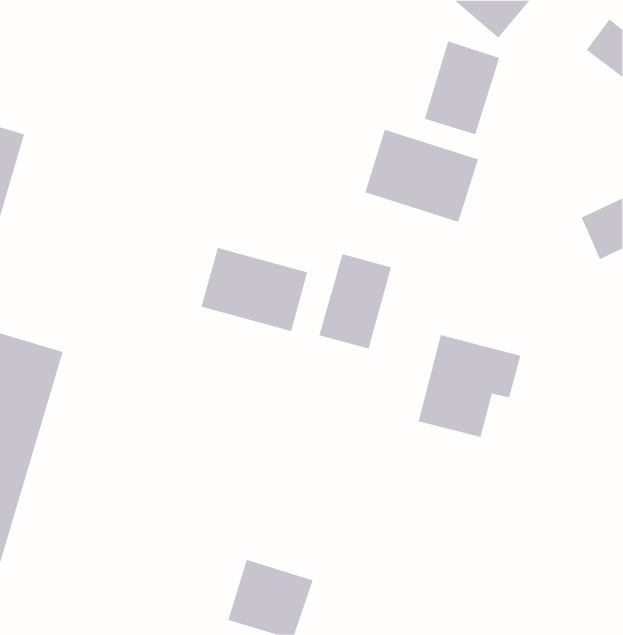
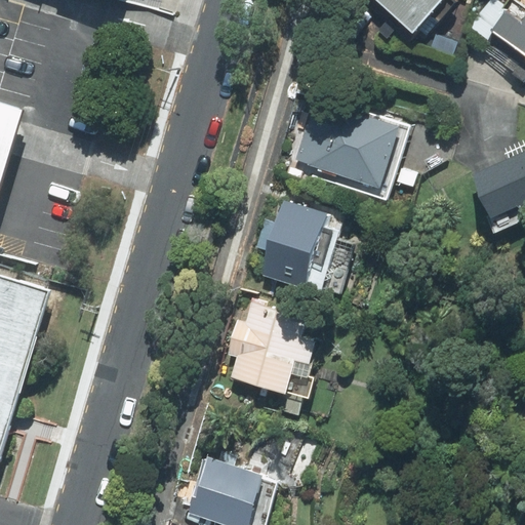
building: [424,41,500,135] -> none
building: [201,247,308,332] -> none
building: [418,335,521,438] -> [230,307,315,392]

